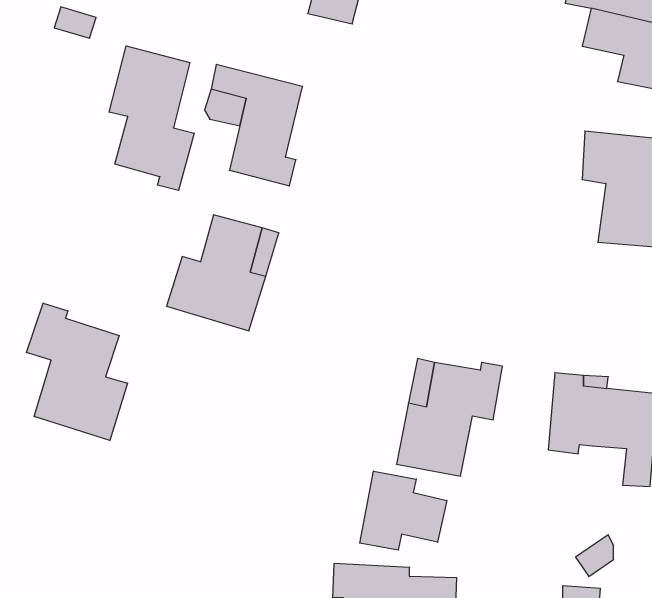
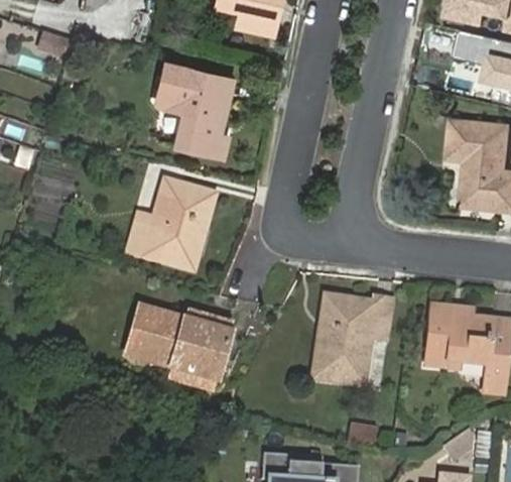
building: [109,46,194,190] -> none
building: [27,303,128,441] -> none
building: none -> [126,307,231,390]
building: [360,471,447,550] -> none

